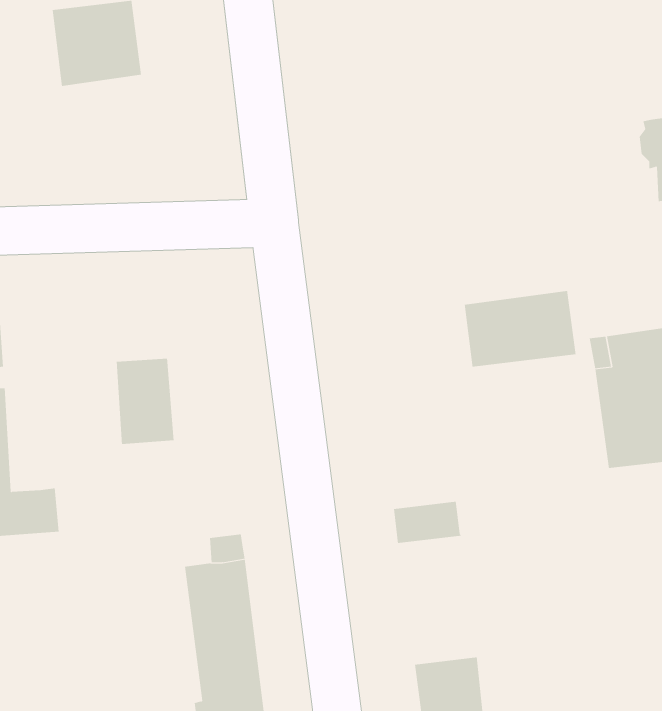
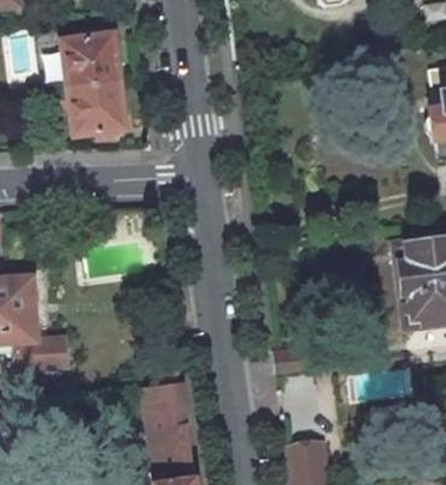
building: none -> [68,79,124,133]
building: [464,290,576,367] -> none
building: [116,358,174,445] -> none

